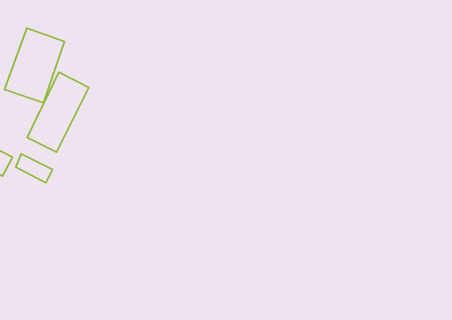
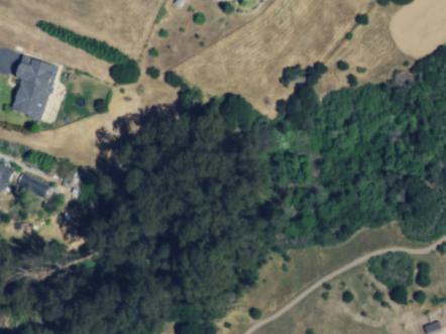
building: [27,72,89,152] -> none

